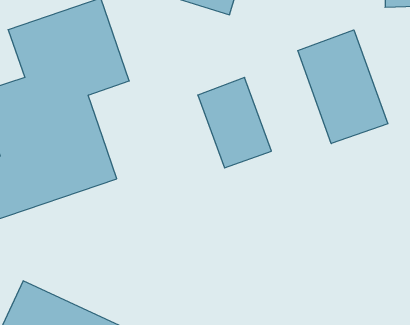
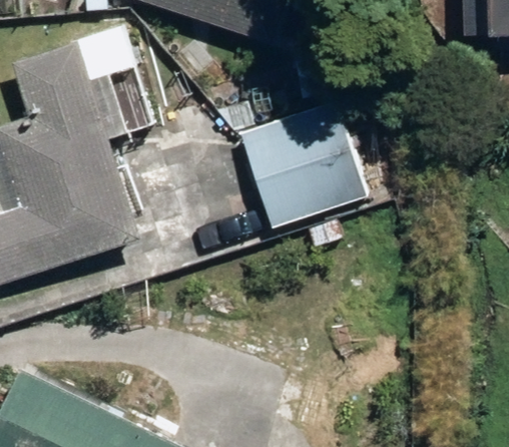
building: [298,30,388,144] -> none

